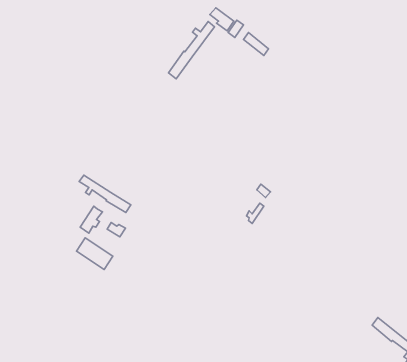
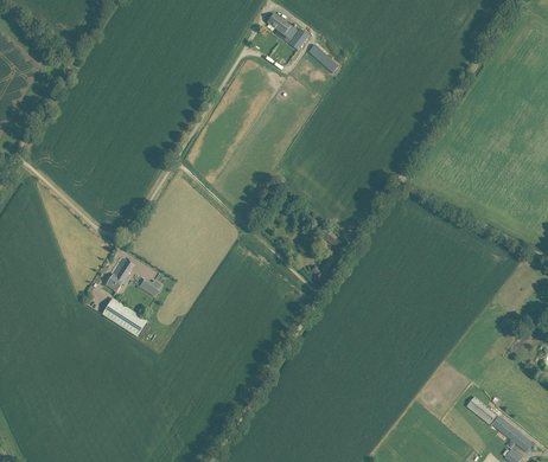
building: [169,22,214,79] -> none
building: [79,175,131,213] -> none

